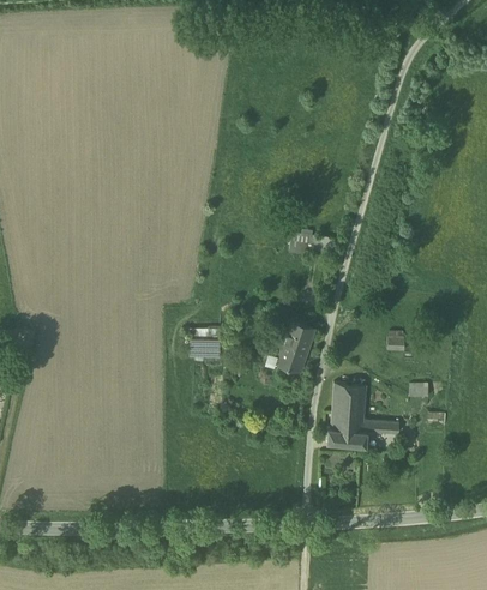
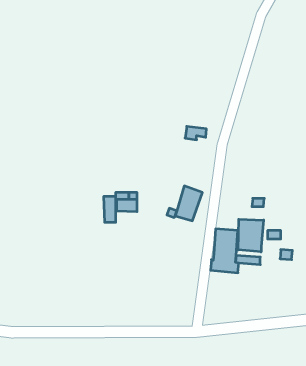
building: none -> [104,196,116,222]
building: none -> [238,219,264,252]

